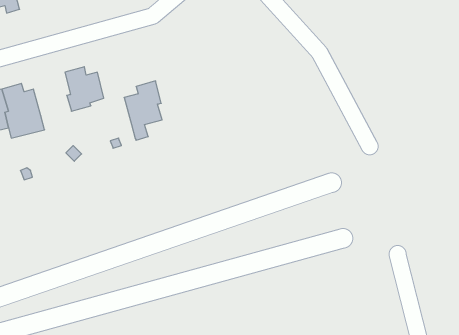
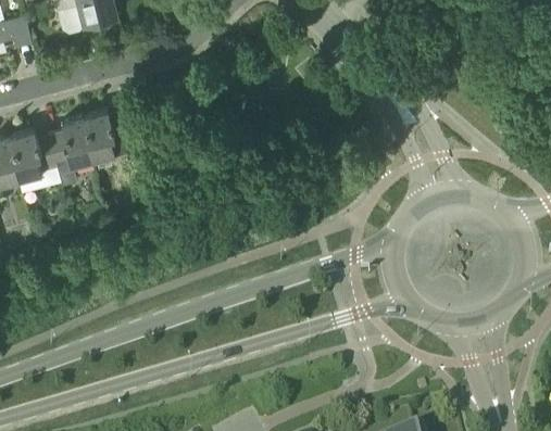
building: [124,81,162,140] -> [47,114,91,183]

